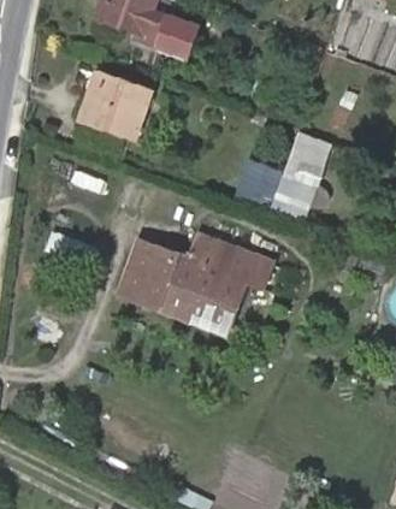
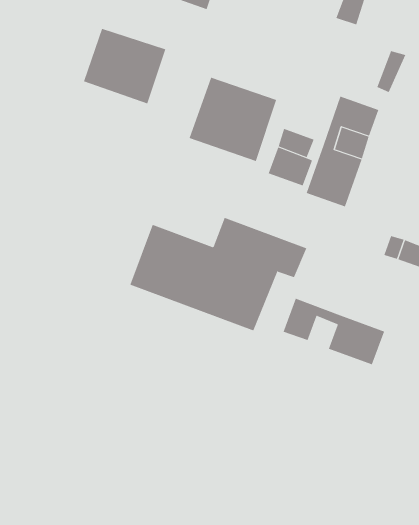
building: none -> [189,77,277,162]
building: none -> [283,298,385,365]

